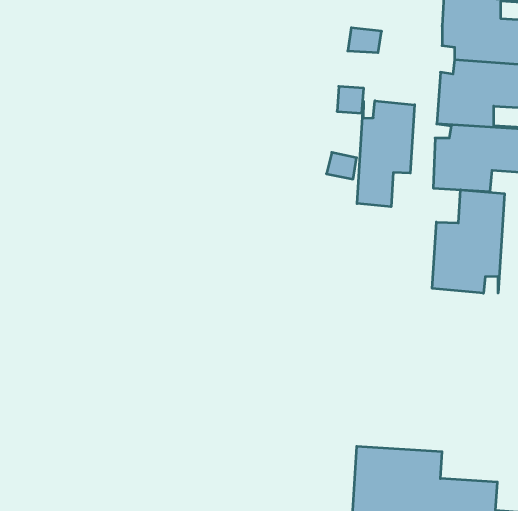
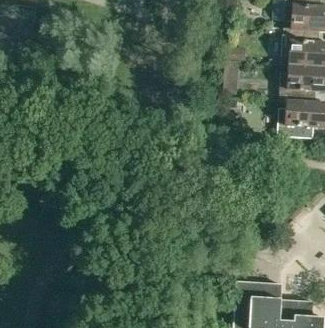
building: [357,101,415,207] -> none
building: [432,190,504,293] -> none

